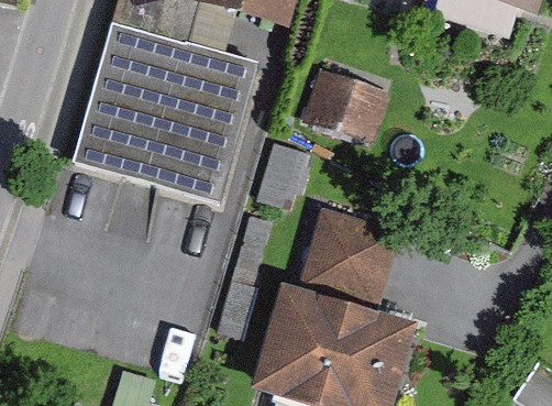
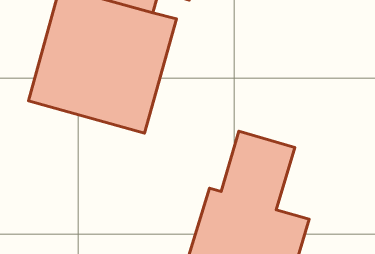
building: [307,72,388,146] -> none

